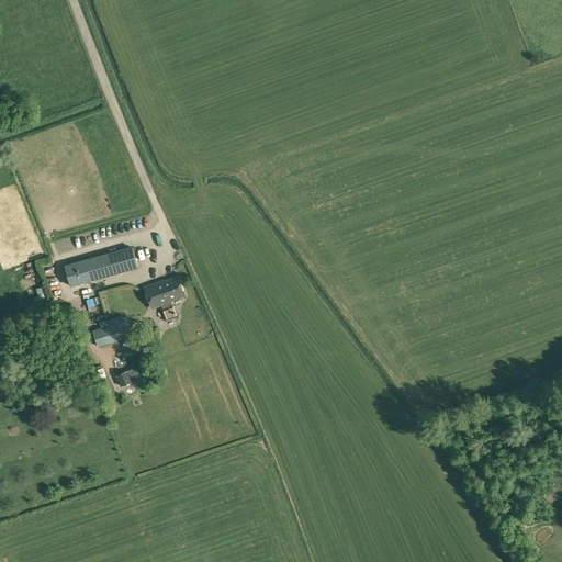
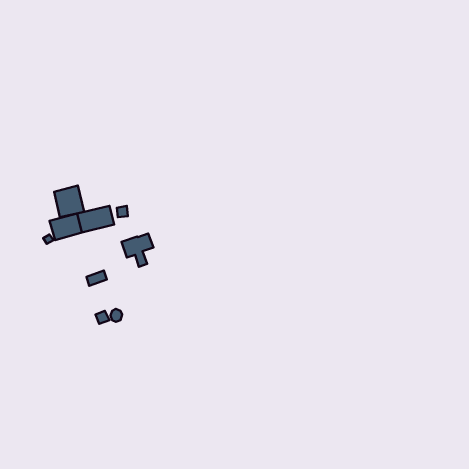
building: none -> [54,186,84,217]

